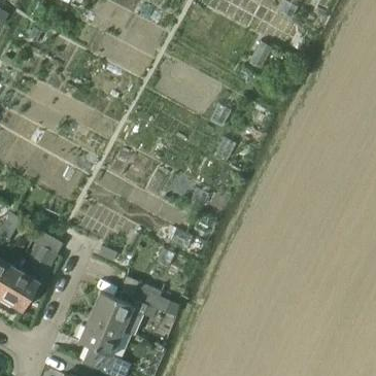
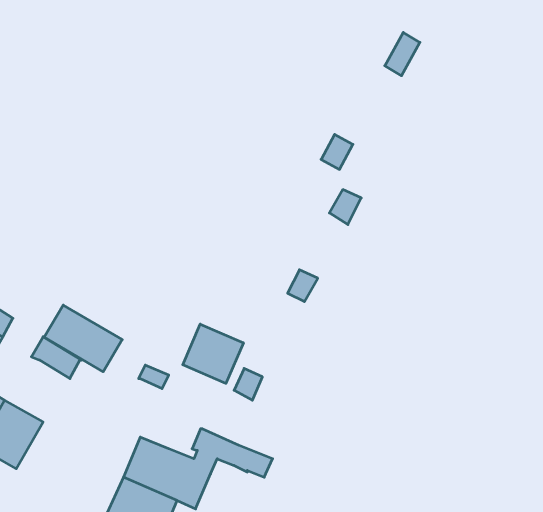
building: none -> [44,305,122,372]
building: none -> [183,324,243,383]

